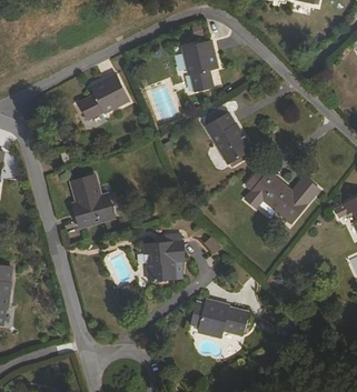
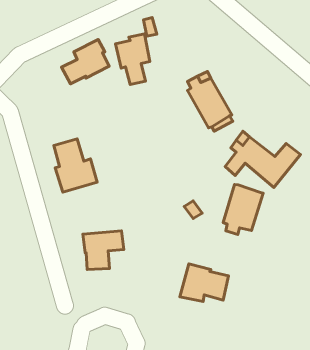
building: [181,39,216,90] -> [116,34,150,85]
building: none -> [223,184,263,234]
building: [142,240,184,279] -> [83,231,124,270]

